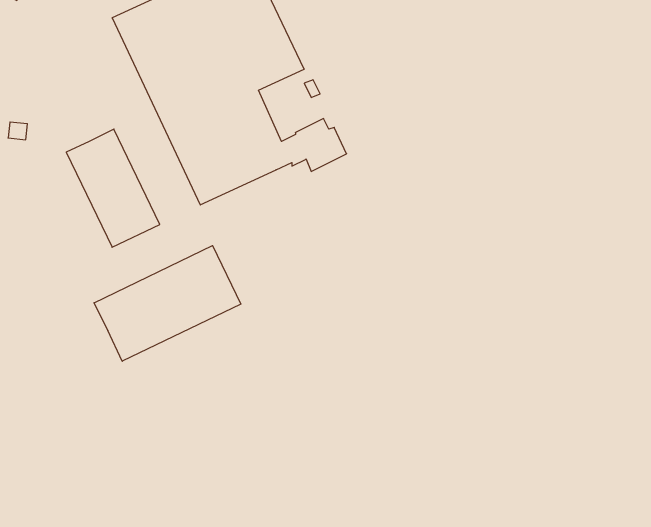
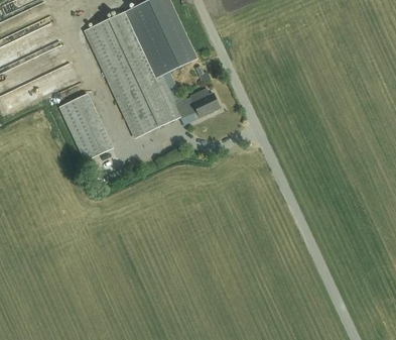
building: [94,246,241,361] -> none

